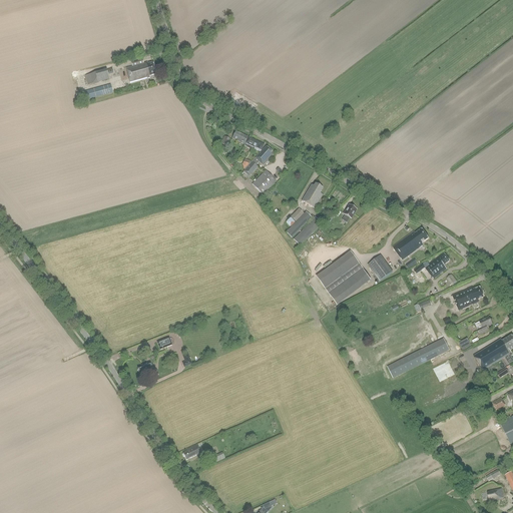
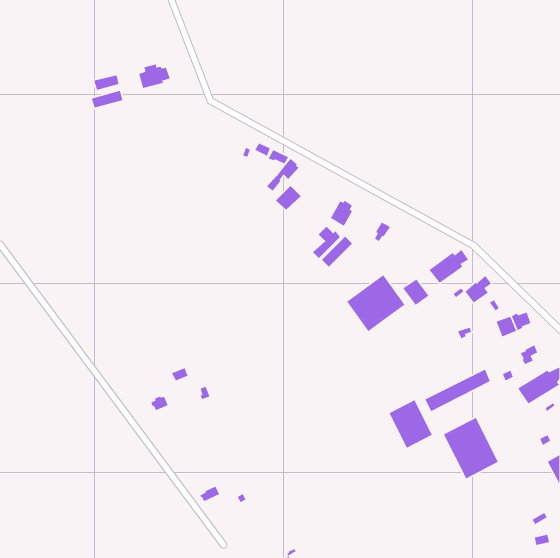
building: none -> [388,399,433,449]
building: none -> [443,417,499,479]

